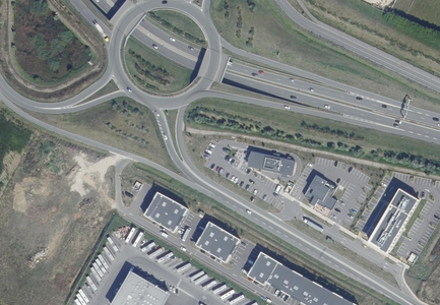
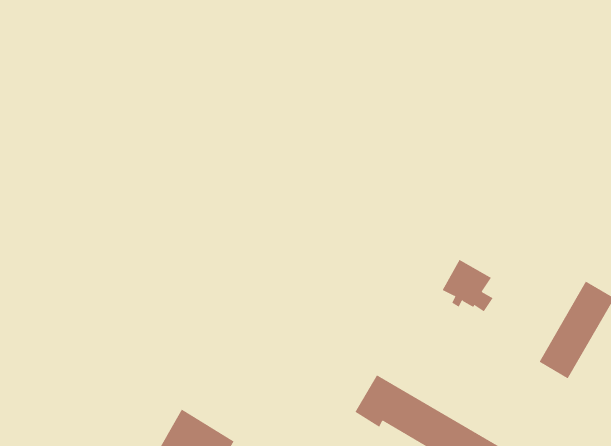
building: [247,149,294,174] -> none
building: [143,190,185,230] -> none
building: [194,220,238,260] -> none

